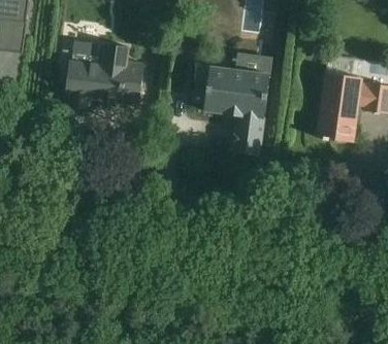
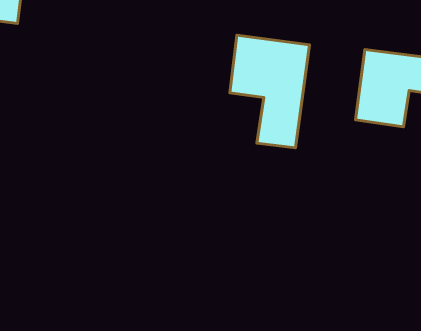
building: [61,42,142,108] -> none

